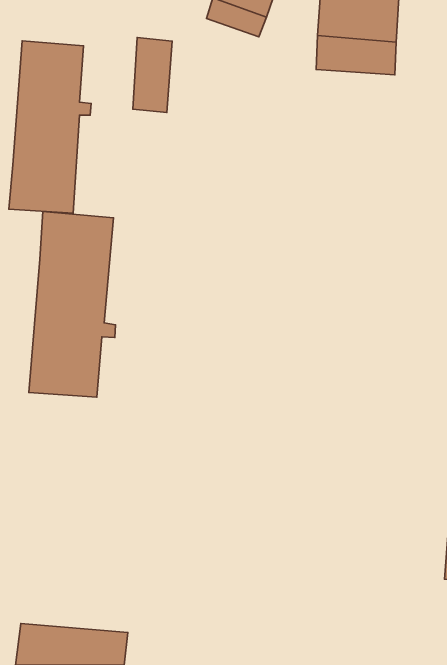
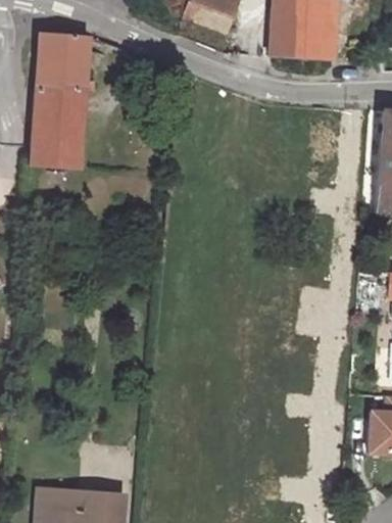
building: [133,38,172,113] -> none
building: [29,211,115,397] -> none

